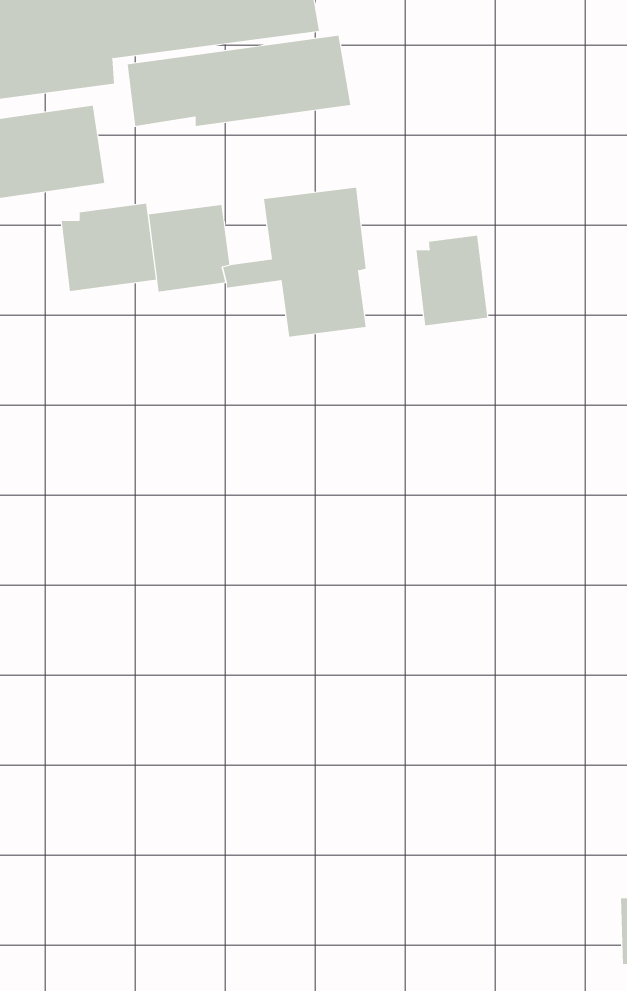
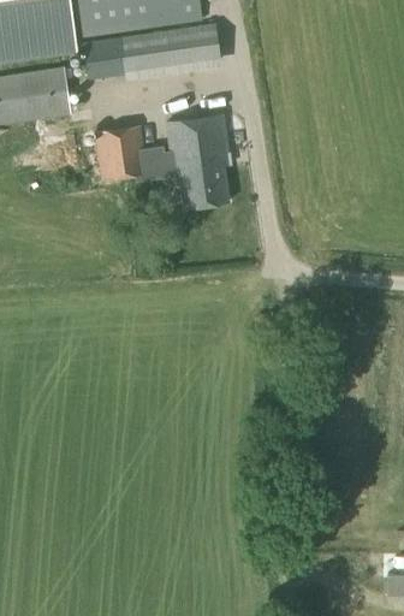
building: [61,203,156,292] -> none
building: [416,235,488,326] -> none

